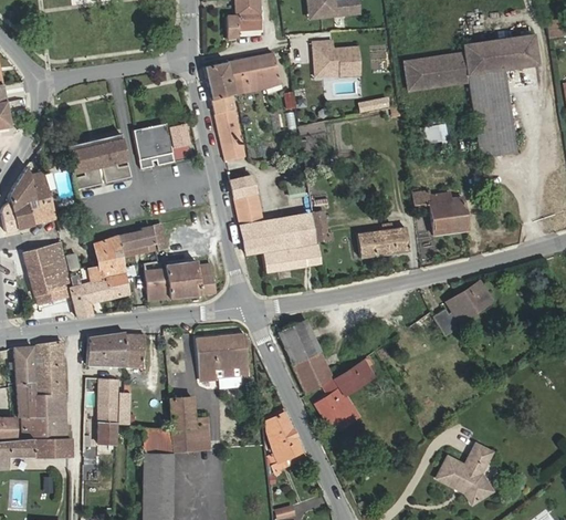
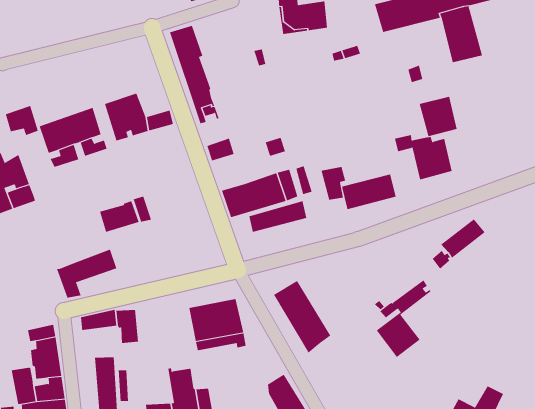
building: [227,51,280,93] -> none
building: [478,119,513,157] -> [419,96,457,137]
building: none -> [5,105,38,136]
building: [232,193,262,227] -> none
building: none -> [321,166,346,201]
building: [81,236,125,284] -> none
building: [23,245,71,303] -> none
building: [144,262,216,301] -> none
building: [13,346,34,383] -> none
building: [87,350,127,367] -> none
building: [316,360,375,434] -> [376,280,432,358]

